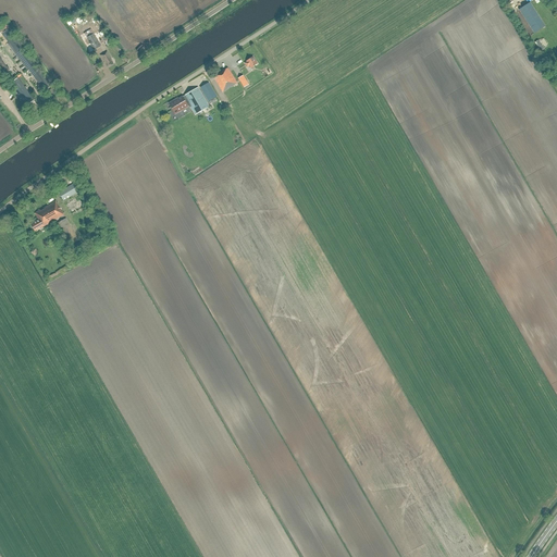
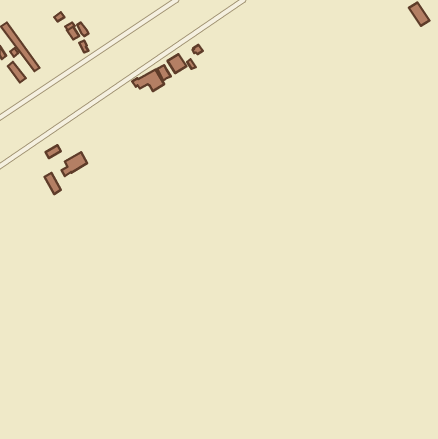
building: [29,201,62,232] -> [62,152,87,176]

